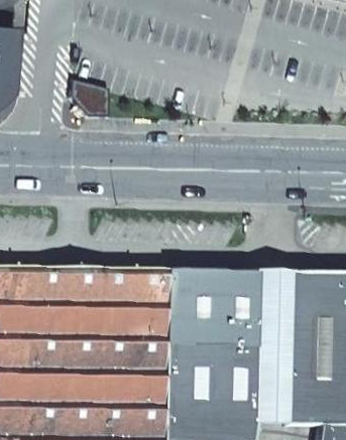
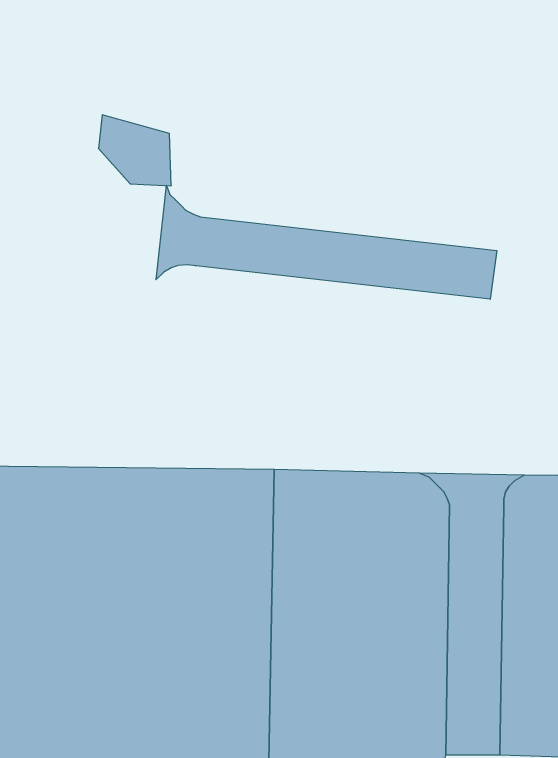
building: none -> [156,185,497,299]

